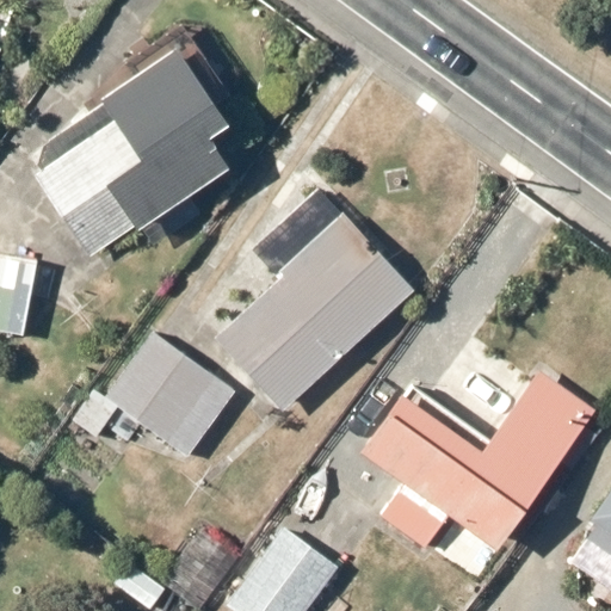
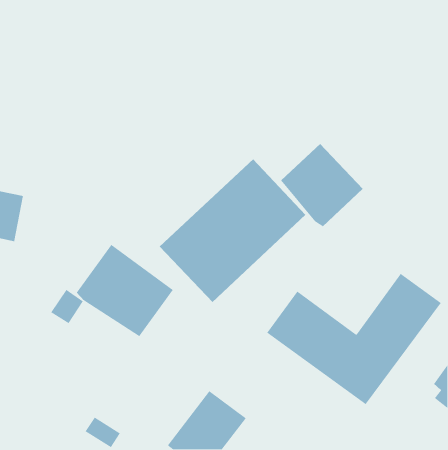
building: [39,47,234,260] -> none
building: none -> [280,143,363,227]

